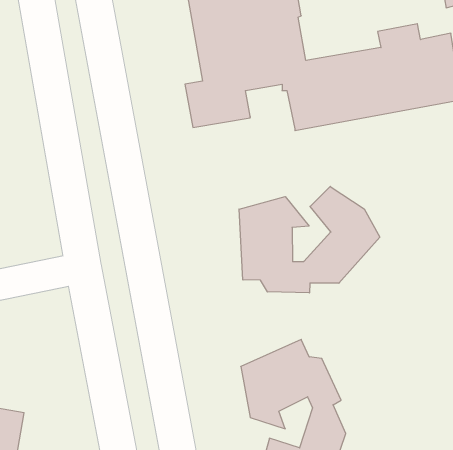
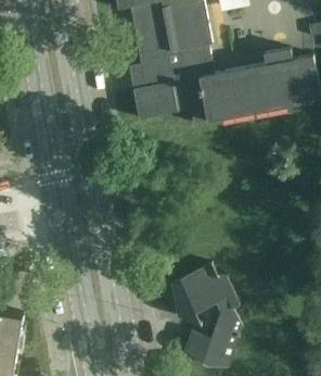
building: [239,186,380,293] -> none

